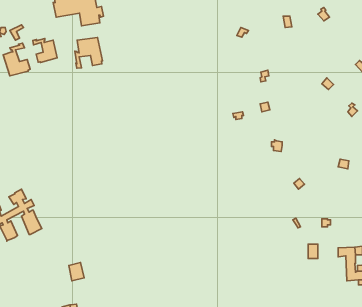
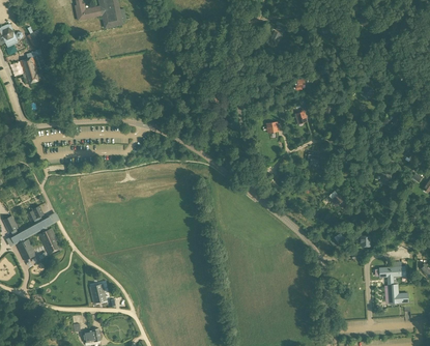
building: [75,37,102,68] -> none
building: [33,39,57,63] -> none

